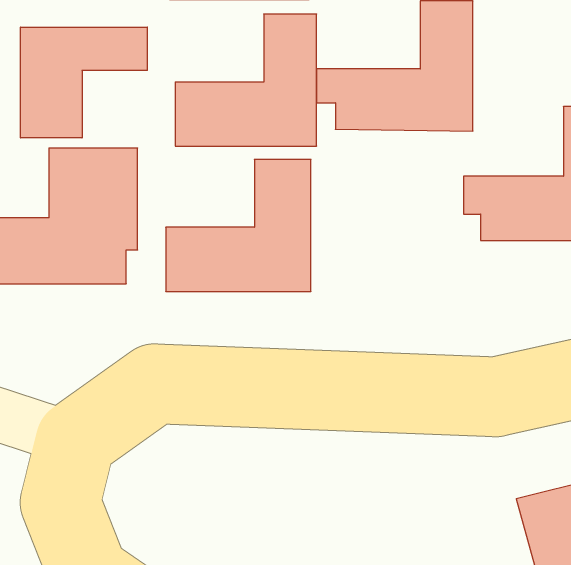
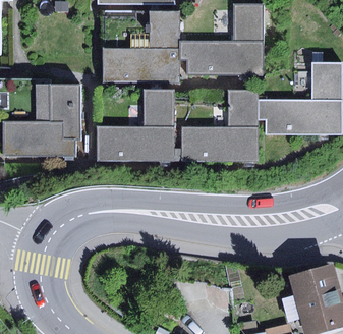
building: [21,27,147,138] -> none
building: none -> [183,90,258,162]

